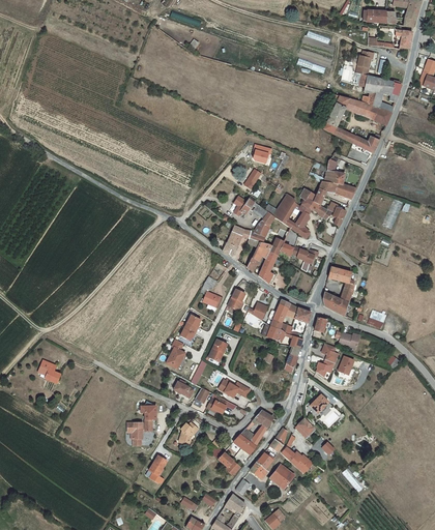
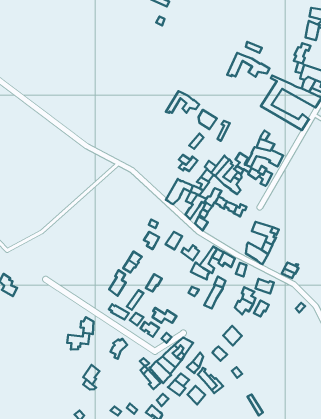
building: none -> [227,53,270,77]
building: none -> [166,91,199,113]

